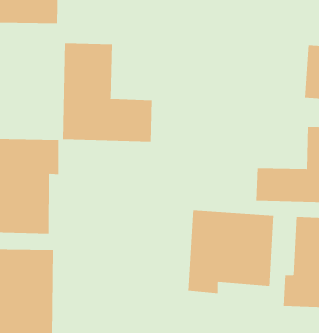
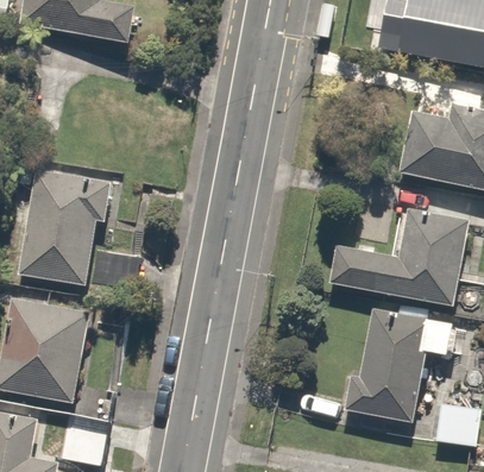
building: [62,43,152,143] -> none
building: [188,210,274,294] -> none

